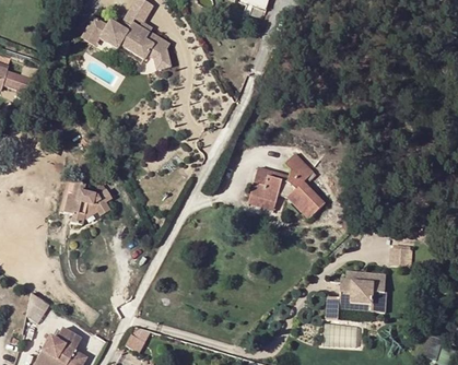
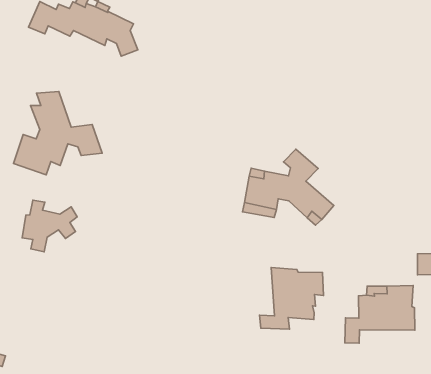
building: none -> [13,91,102,175]
building: none -> [259,268,323,329]

